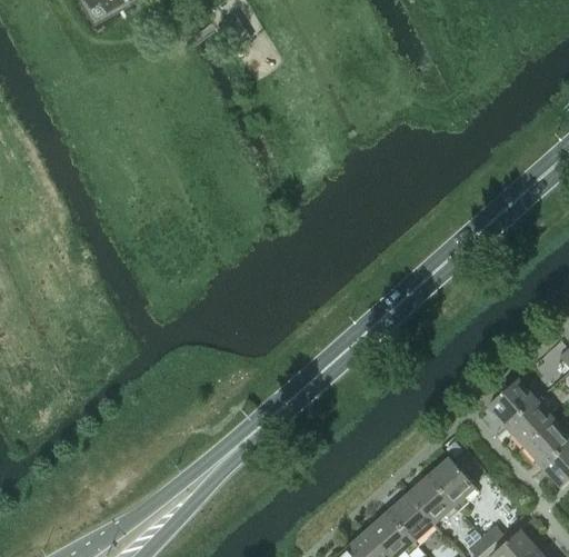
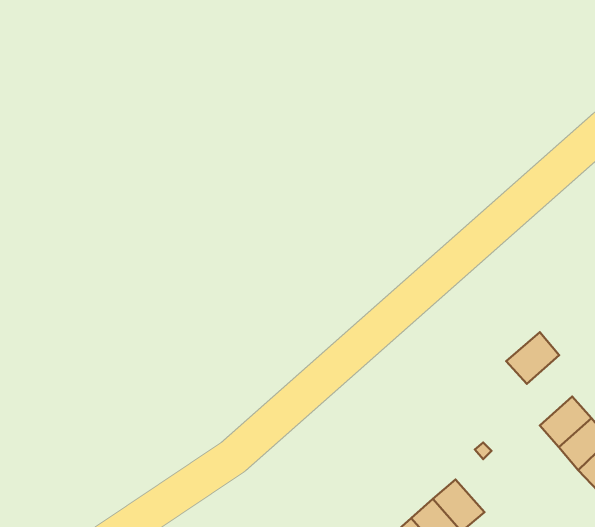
building: [487,379,536,427] -> [506,332,559,384]
building: [428,458,475,507] -> none

